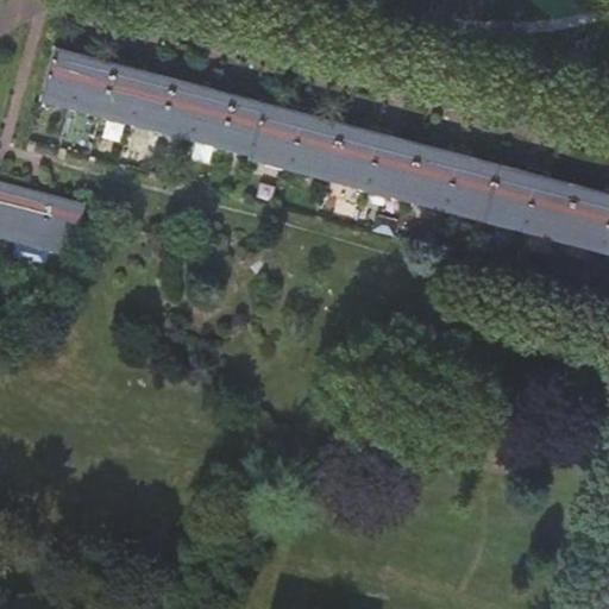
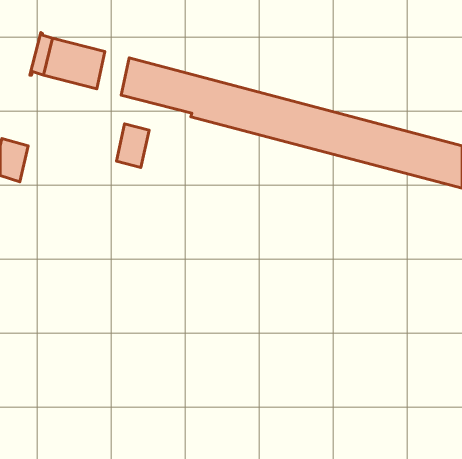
building: [127,73,170,130] -> [116,124,149,167]
building: [26,196,87,255] -> none

